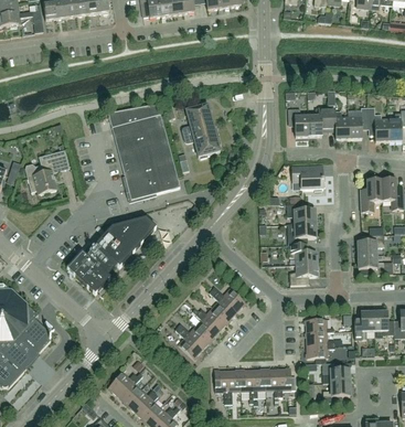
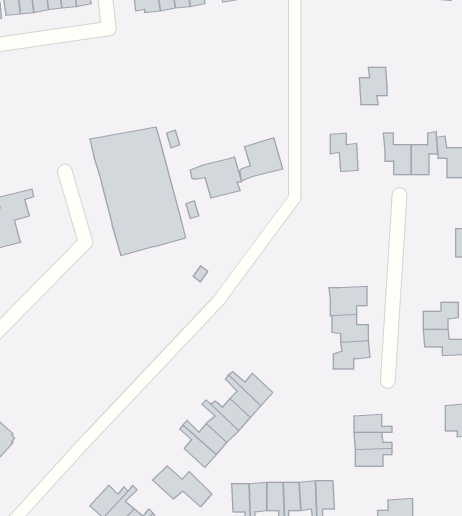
building: [182,103,214,135] -> [240,138,283,181]
building: [308,107,329,135] -> [359,68,387,104]
building: [292,164,323,190] -> none
building: [360,179,382,211] -> none
building: [287,203,316,223] -> none
building: [66,216,157,293] -> none
building: [354,311,374,338] -> none
building: none -> [152,466,212,507]
building: [322,362,350,382] -> none

